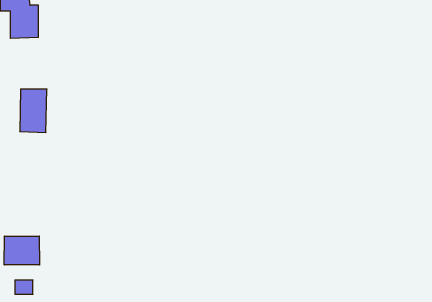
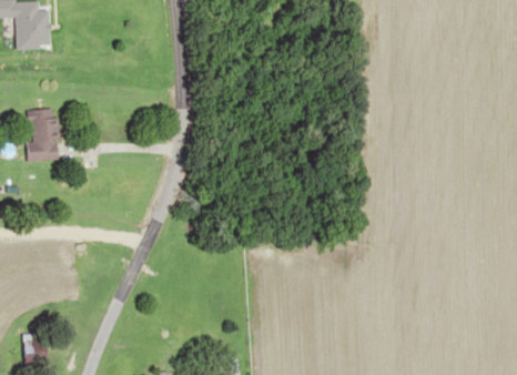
building: [4,236,40,265] -> none

